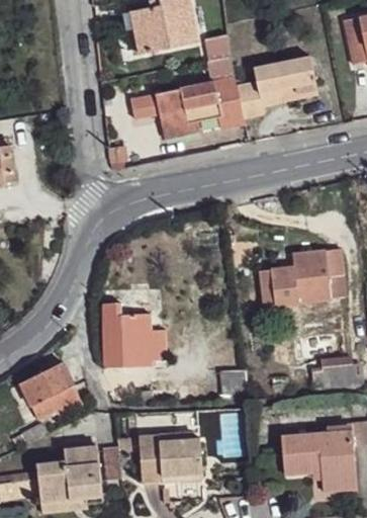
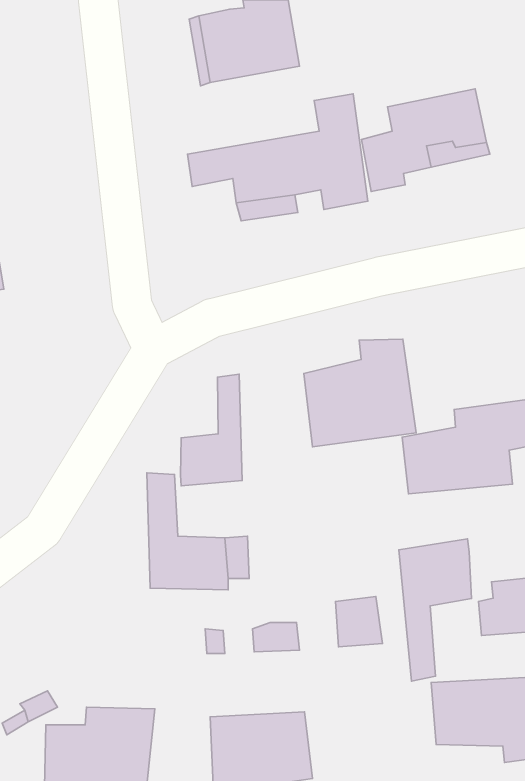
building: none -> [304,339,416,447]
building: none -> [181,374,242,486]
building: none -> [399,539,472,681]
building: [23,364,81,418] -> none

